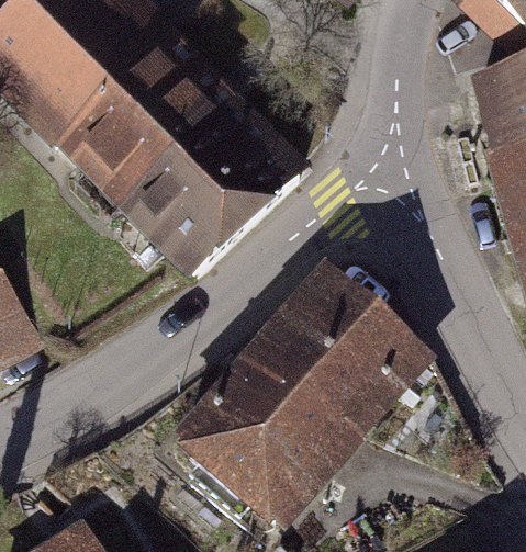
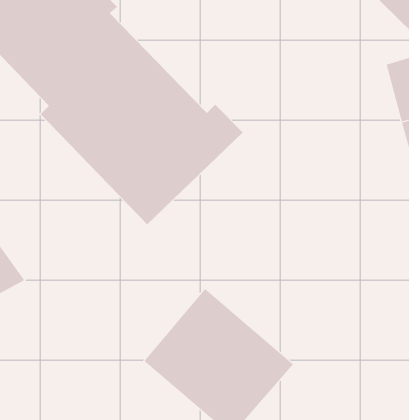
building: [255,266,435,442] -> none

